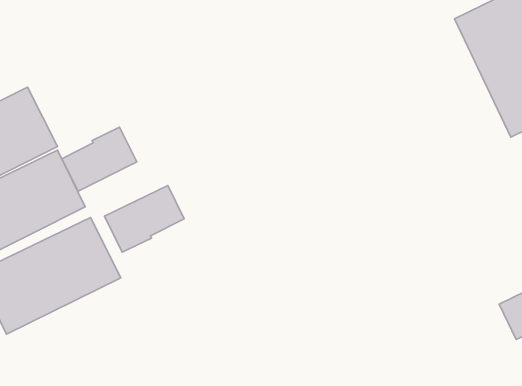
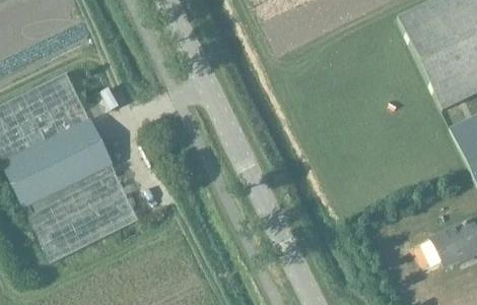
building: [62,127,137,191] -> none
building: [105,186,184,252] -> none

